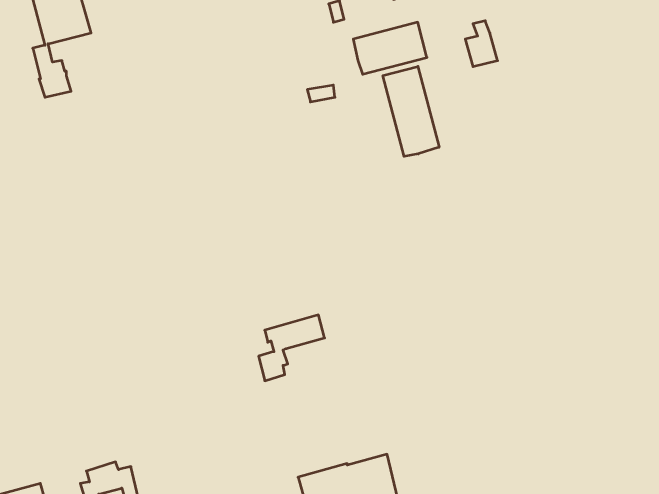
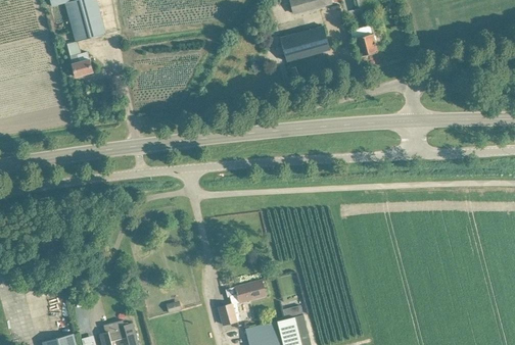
building: [383,66,439,156] -> none
building: [259,315,325,381] -> [221,280,265,324]

